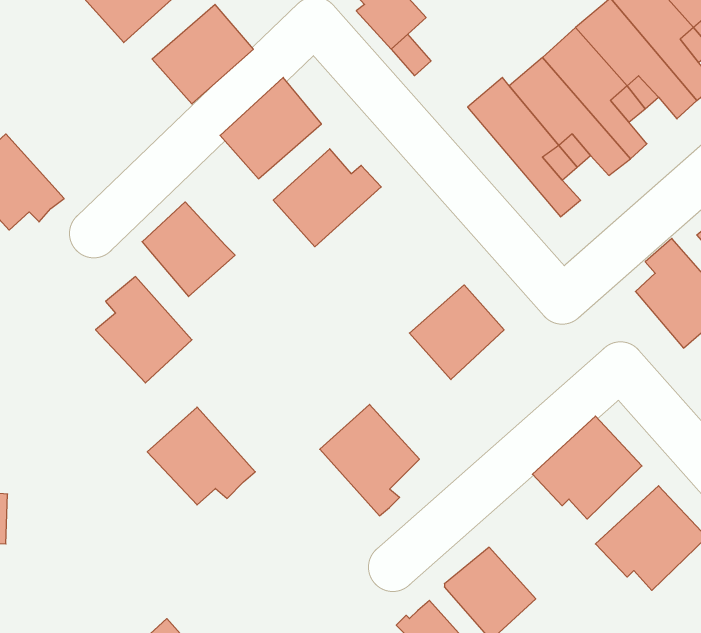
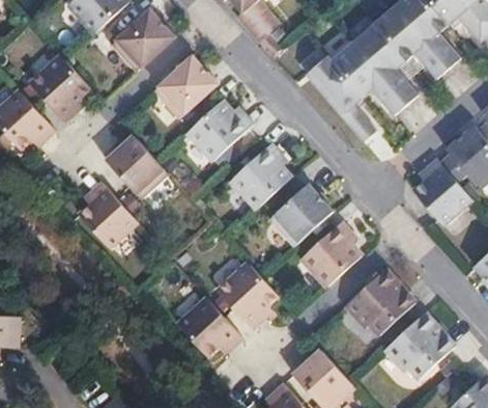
building: none -> [27,54,90,124]
building: none -> [228,143,290,210]
building: none -> [297,221,357,289]
building: [147,407,255,505] -> [175,298,242,359]

